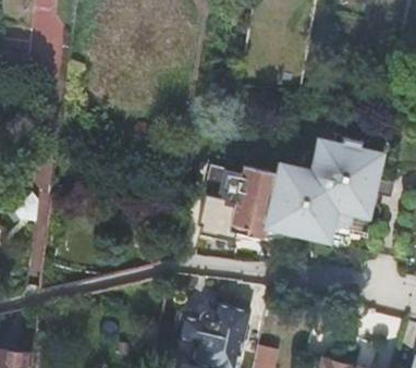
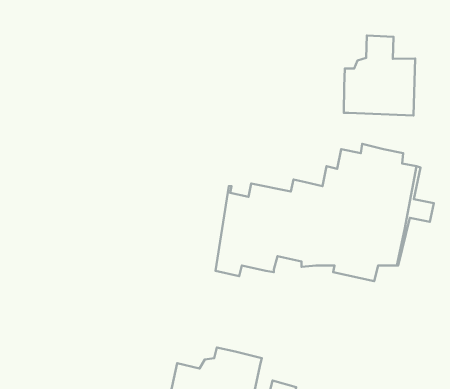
building: none -> [344,36,415,115]

